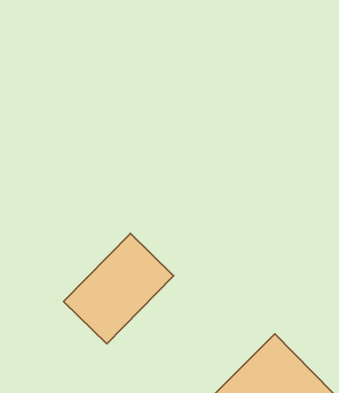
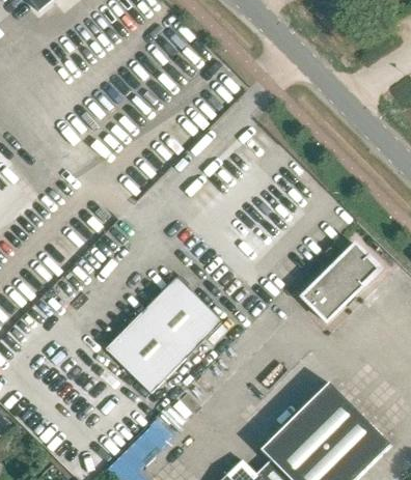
building: none -> [300,245,380,323]

